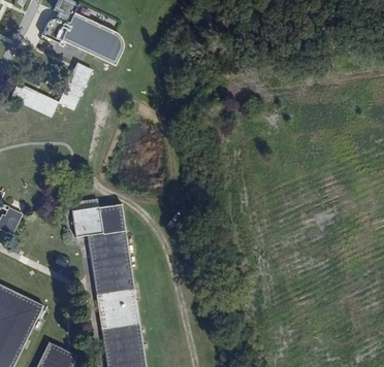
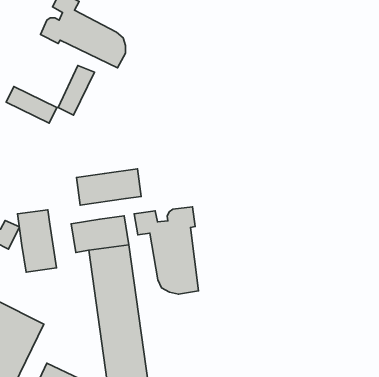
building: none -> [76,169,141,205]
building: none -> [134,207,198,294]
building: none -> [18,210,56,272]

